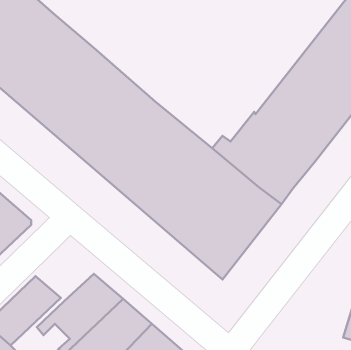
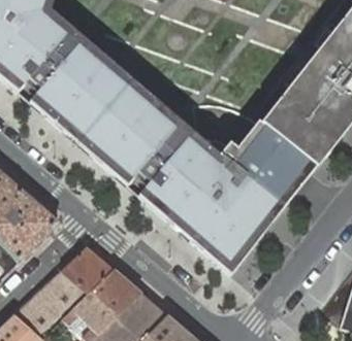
building: none -> [62,246,115,294]

